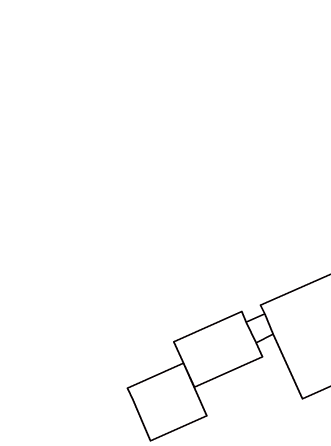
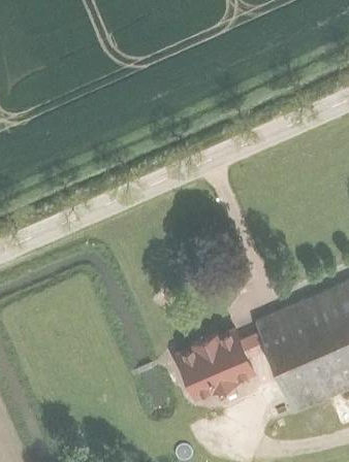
building: [127,363,207,441] -> none

